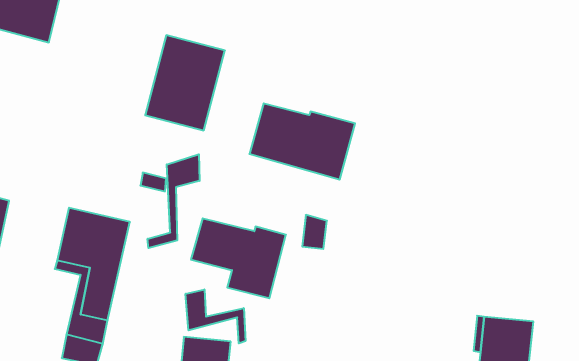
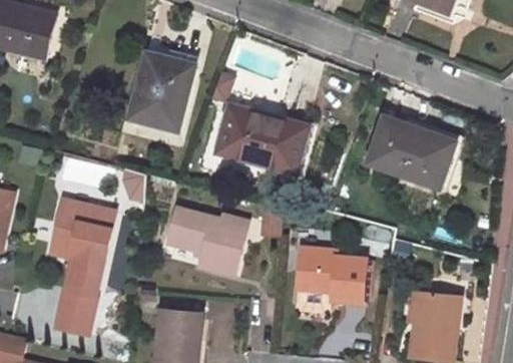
building: none -> [370,117,456,187]
building: [148,154,200,248] -> none
building: none -> [296,248,366,306]
building: [186,289,245,343] -> none

